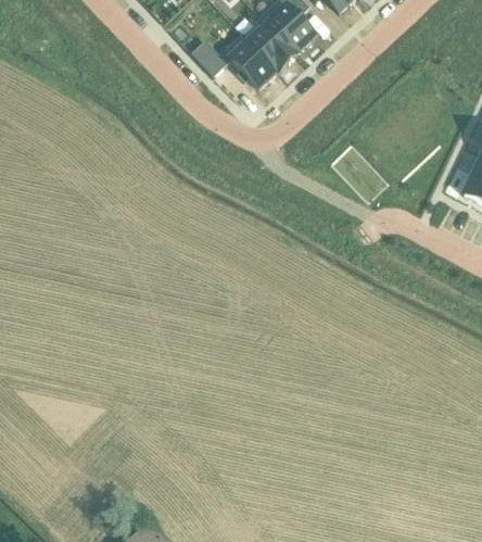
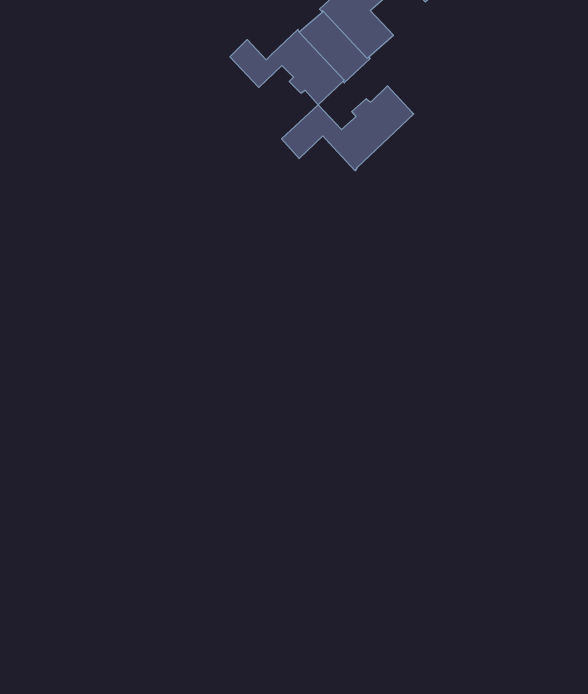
building: none -> [282,86,414,171]

